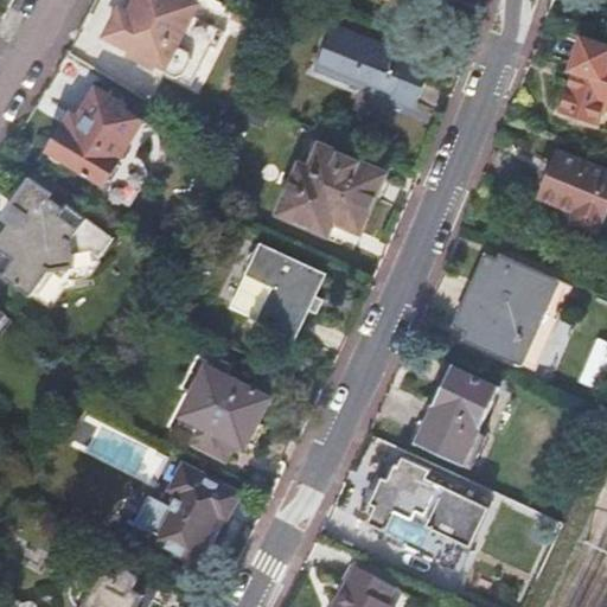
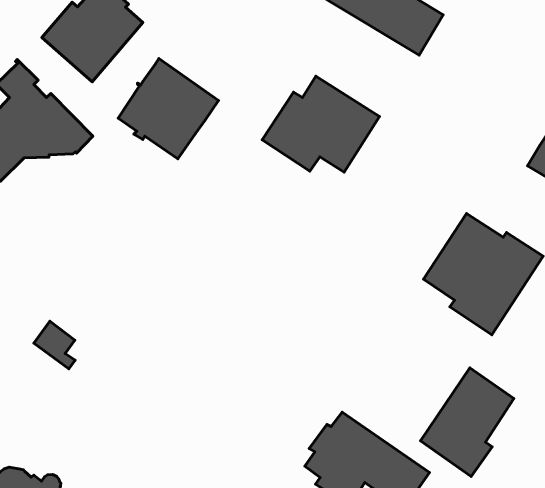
building: [228,244,321,338] -> [118,58,218,159]
building: [415,364,498,468] -> [421,368,514,477]
building: [181,368,267,458] -> none
building: [135,467,236,551] -> none

